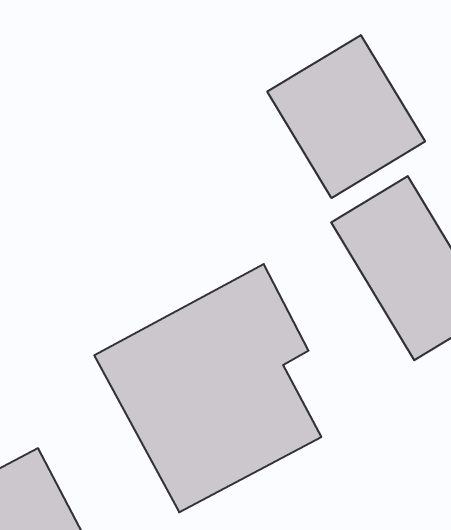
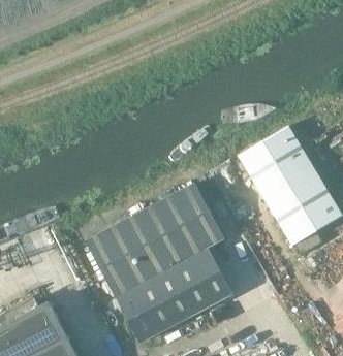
building: [267,35,425,198] -> none

